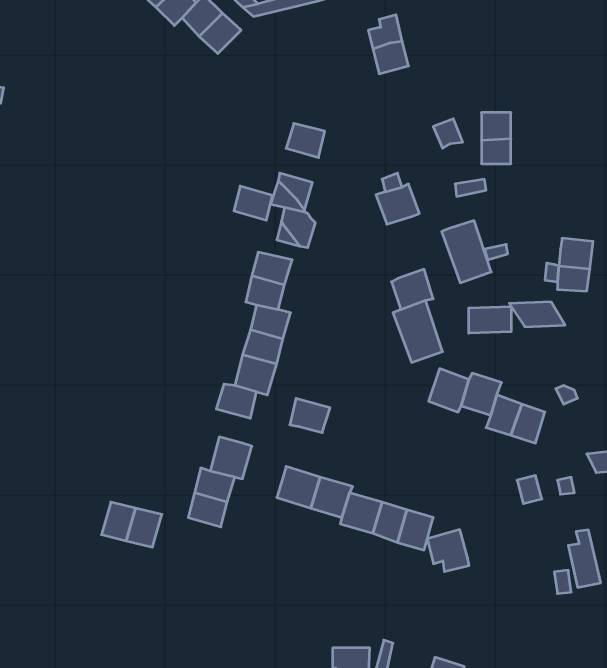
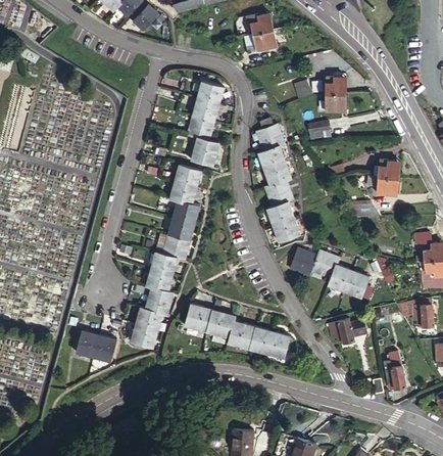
building: [234,186,273,220] -> [193,100,218,123]
building: [442,221,491,283] -> [258,145,291,186]
building: [469,306,511,333] -> none
building: [290,398,330,433] -> [147,272,174,294]
building: [427,530,469,572] -> [327,316,354,344]

